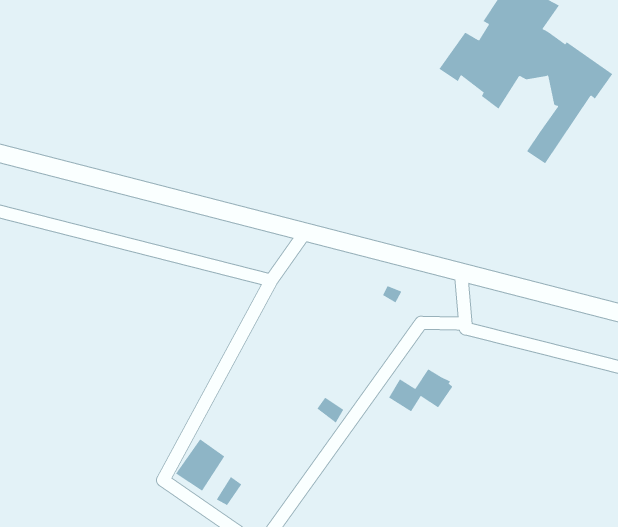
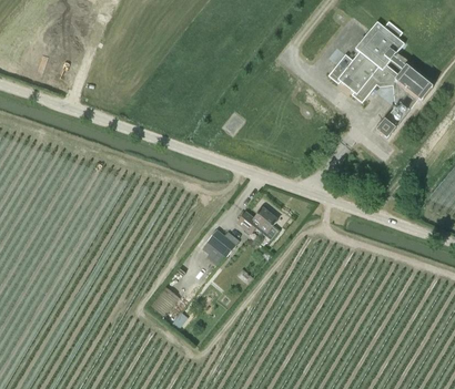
building: none -> [202,228,236,265]
building: [388,369,453,412] -> [237,206,277,232]

